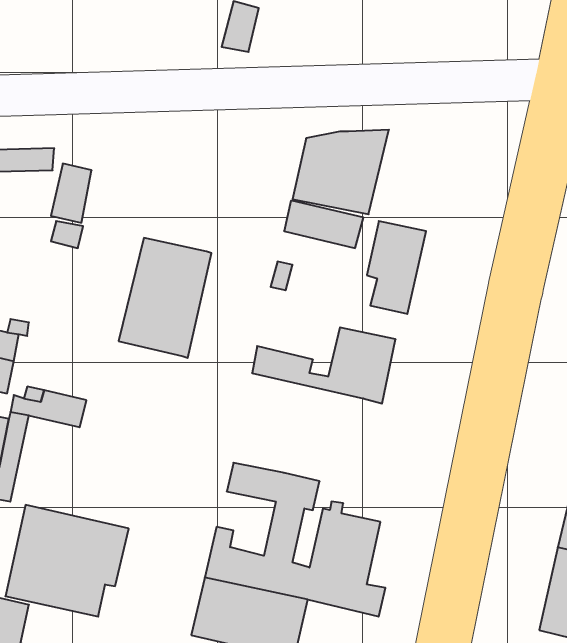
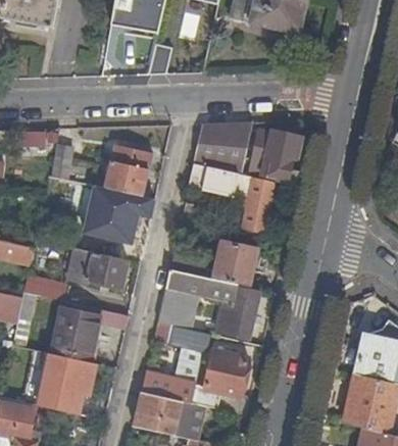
building: none -> [247,132,296,182]
building: none -> [101,148,152,195]
building: none -> [67,246,128,286]
building: none -> [156,268,258,340]
building: none -> [52,307,128,357]

